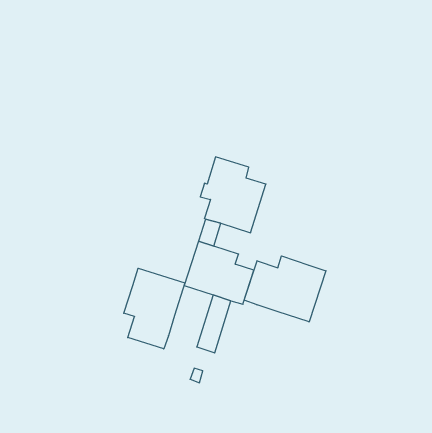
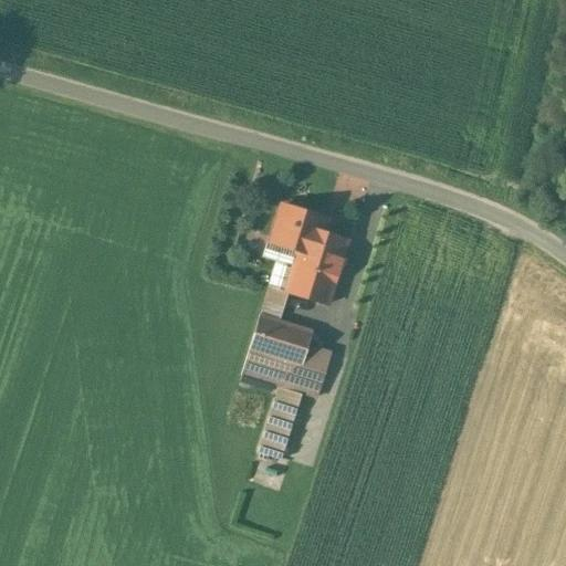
building: [244,256,326,322] -> none
building: [124,268,185,349] -> none

